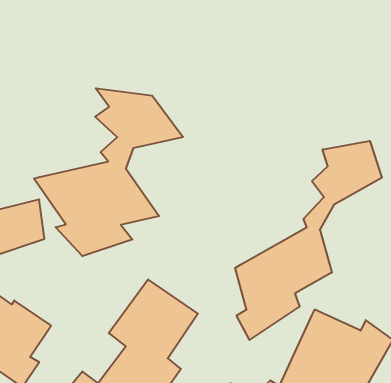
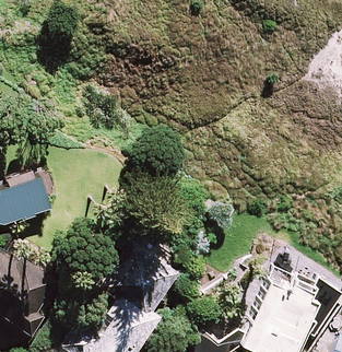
building: [34,88,183,256] -> none
building: [235,141,382,340] -> none

